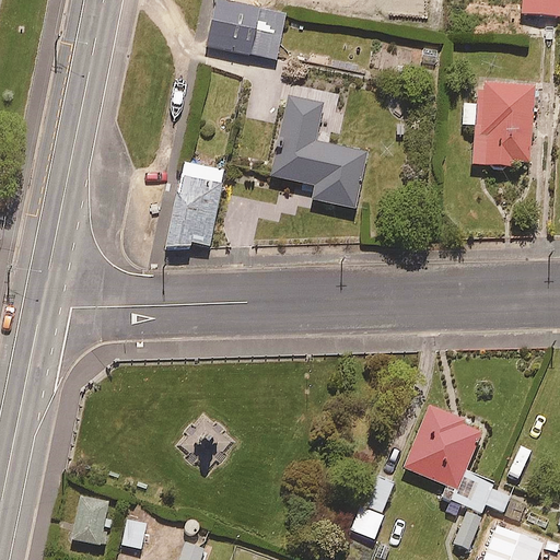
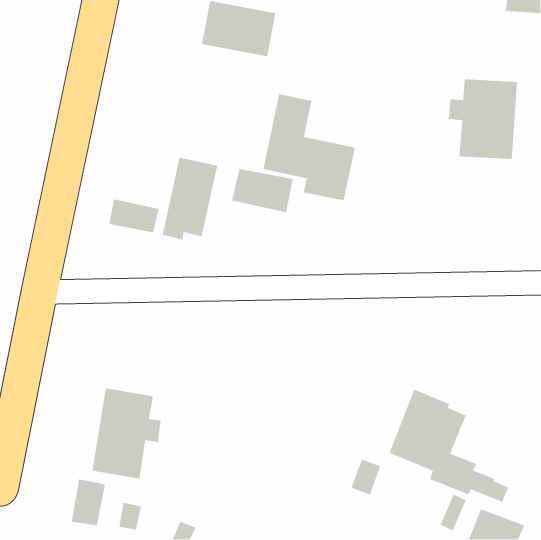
building: none -> [231,168,293,213]
building: none -> [109,199,160,233]
building: none -> [91,388,162,480]

